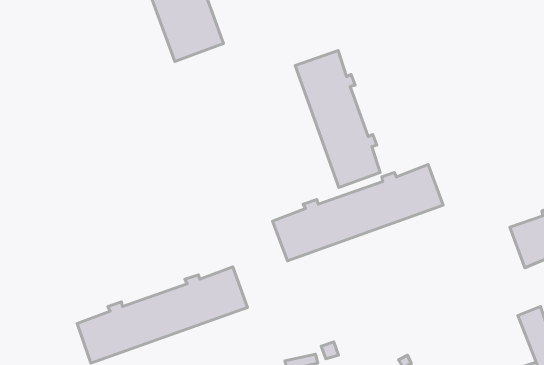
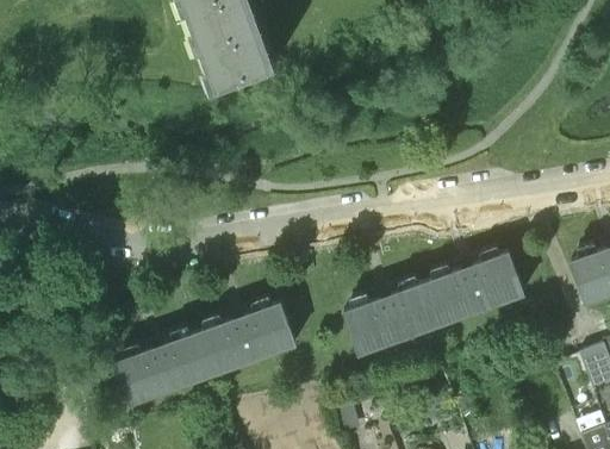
building: [295,51,380,188] -> none
building: [273,164,443,261] -> [344,252,523,354]

